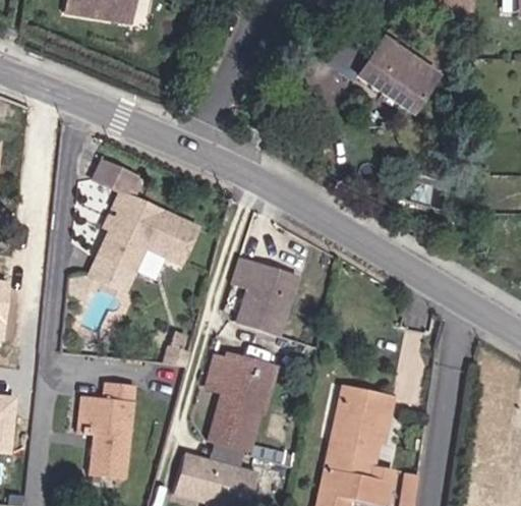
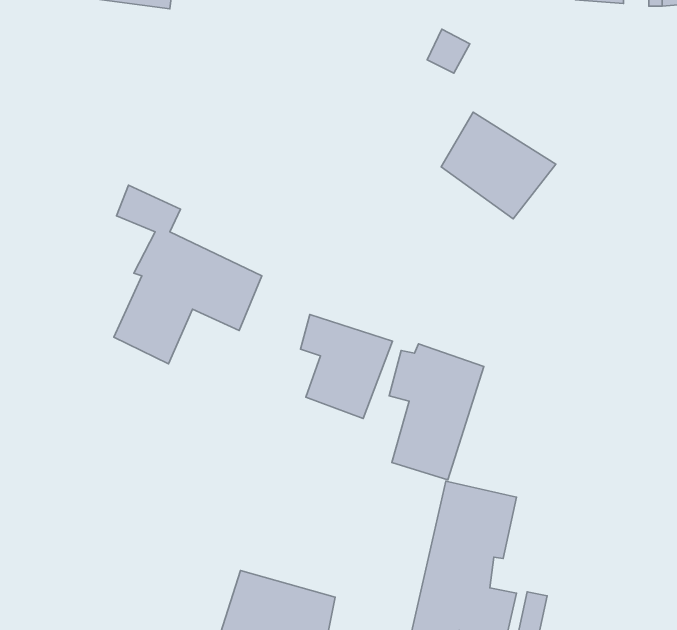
building: [357,35,445,116] -> [441,112,556,219]
building: [206,349,278,453] -> [389,344,484,480]
building: [78,380,139,477] -> none

